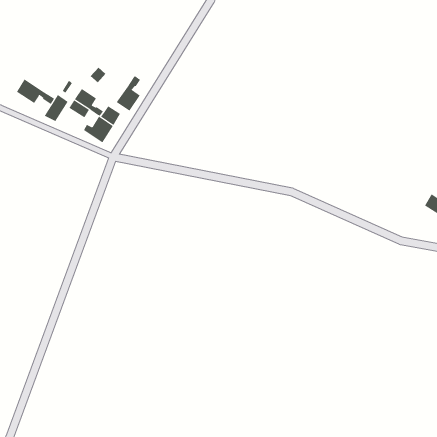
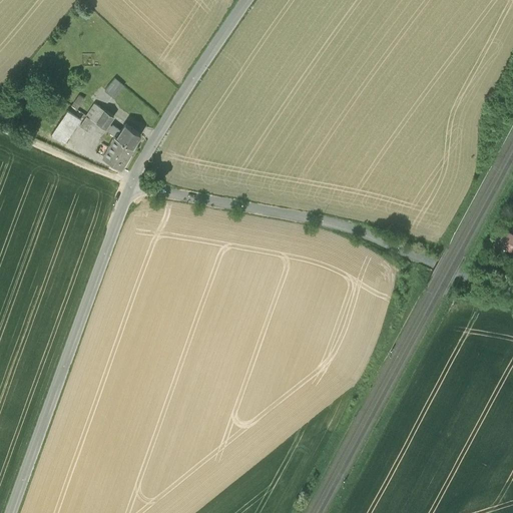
building: [116,75,141,111] -> none
building: [16,79,55,105] -> none

